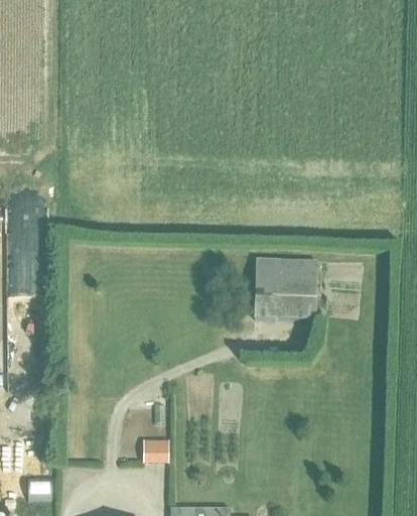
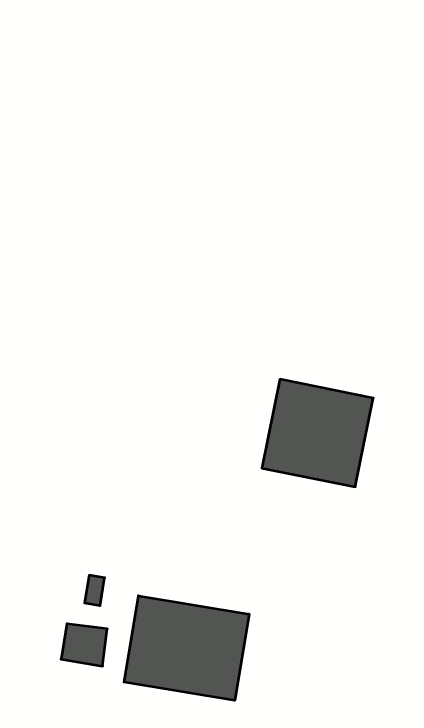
building: none -> [124,596,249,700]

